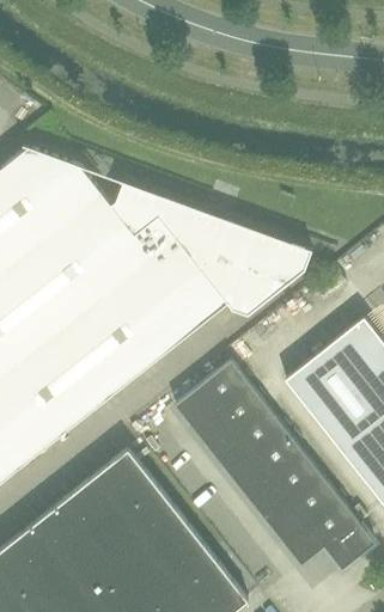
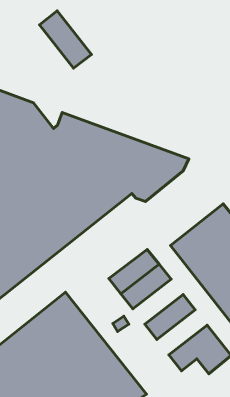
building: none -> [39,11,91,68]
building: [175,362,250,430] -> none
building: [228,432,304,498] -> none
building: [264,477,340,544] -> none

